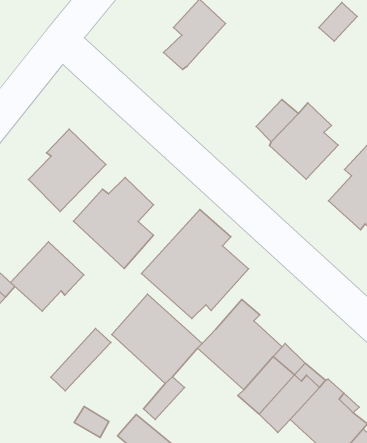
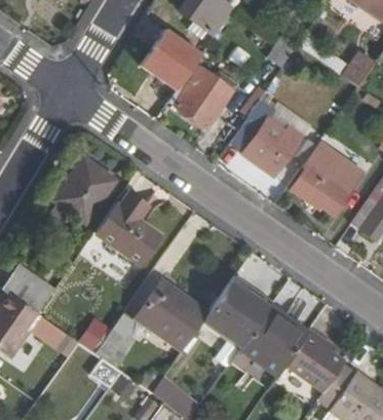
building: none -> [170,63,232,125]
building: [141,210,248,319] -> none
building: [10,242,84,311] -> none

